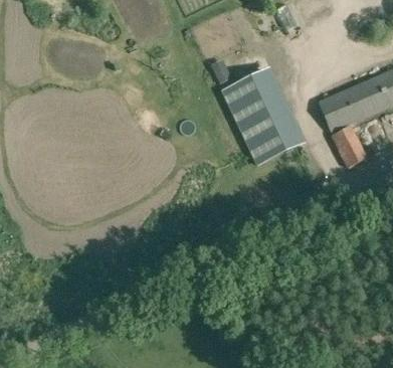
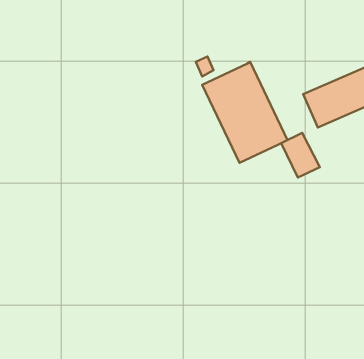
building: [332,124,369,167] -> [281,133,320,178]

